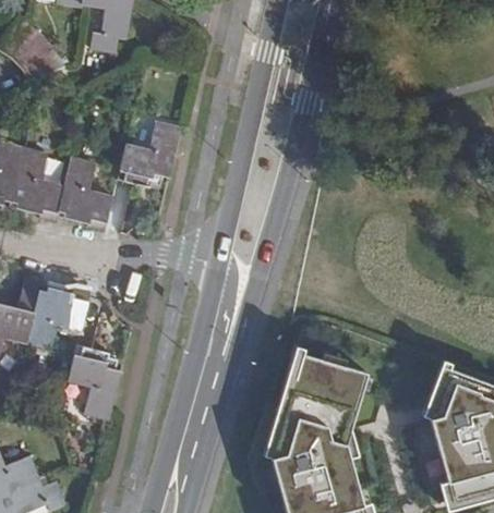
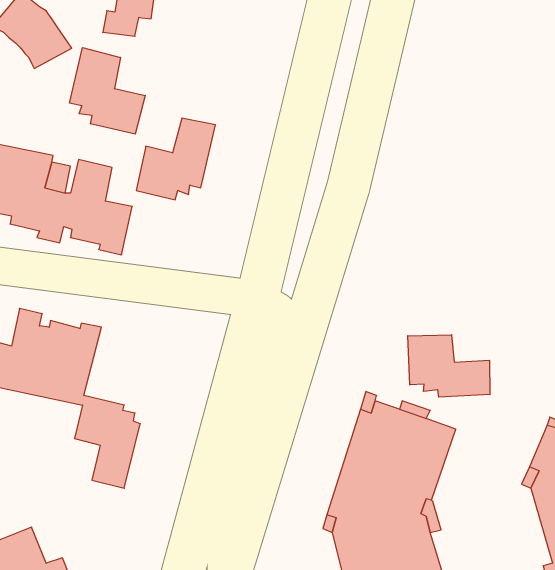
building: none -> [70,48,145,134]
building: none -> [408,335,490,397]

